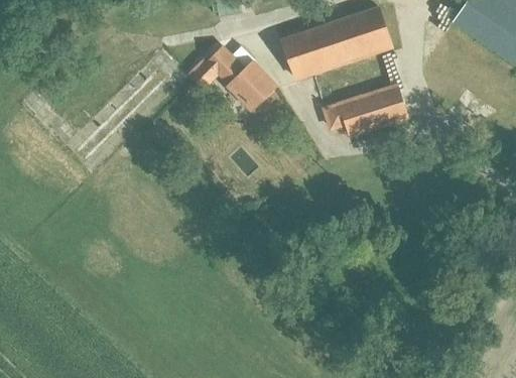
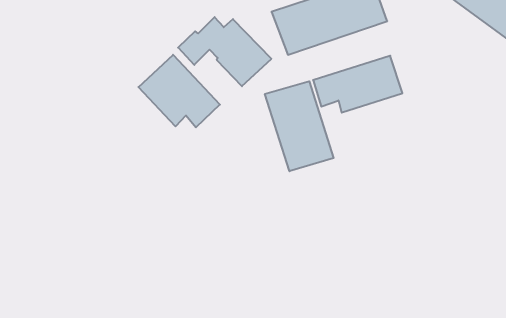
building: none -> [138,55,220,127]
building: none -> [265,81,334,171]

